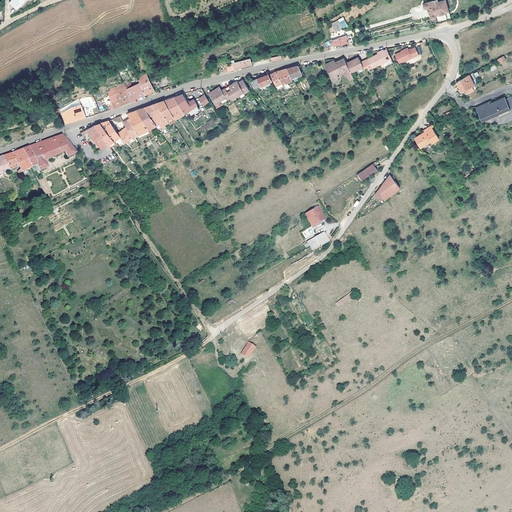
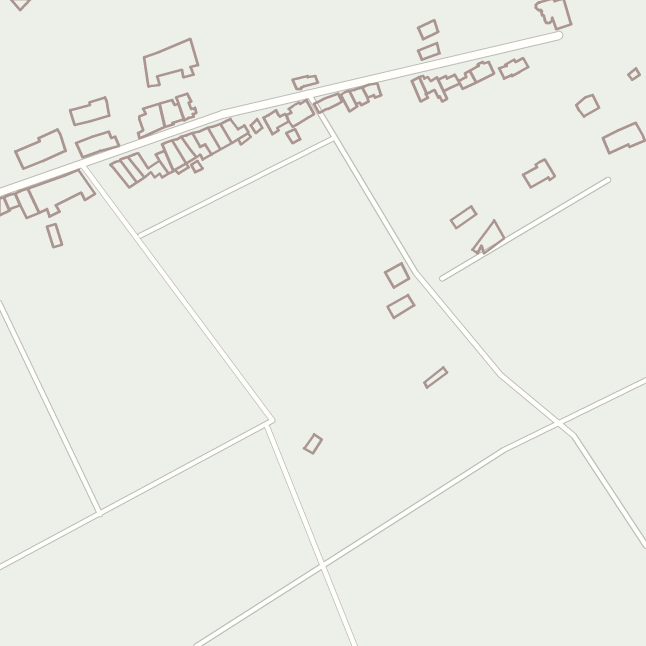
building: none -> [144,39,198,87]
building: none -> [70,97,109,125]
building: none -> [15,129,66,169]

